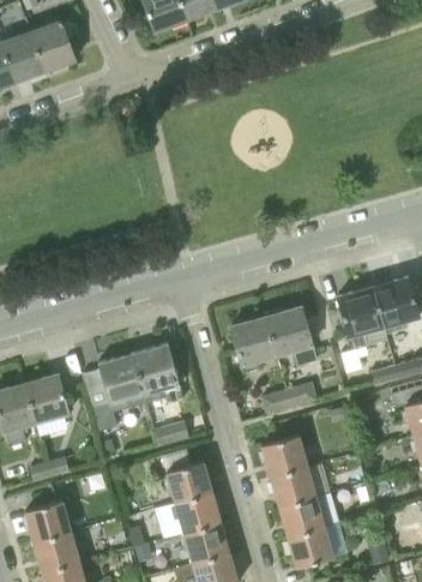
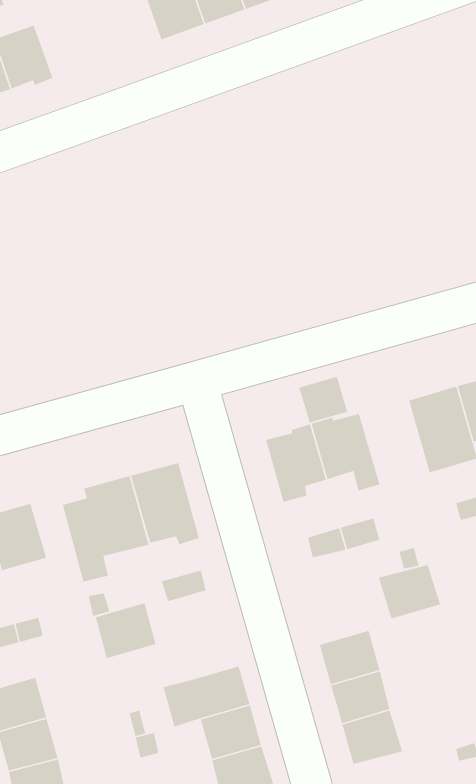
building: none -> [298,376,348,424]
building: [261,437,308,478] -> [378,564,441,619]
building: [167,462,212,504] -> [95,602,157,659]

